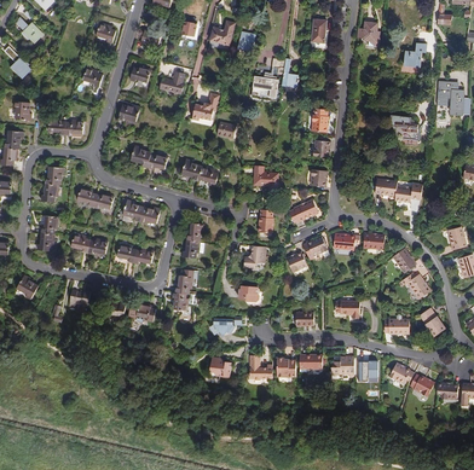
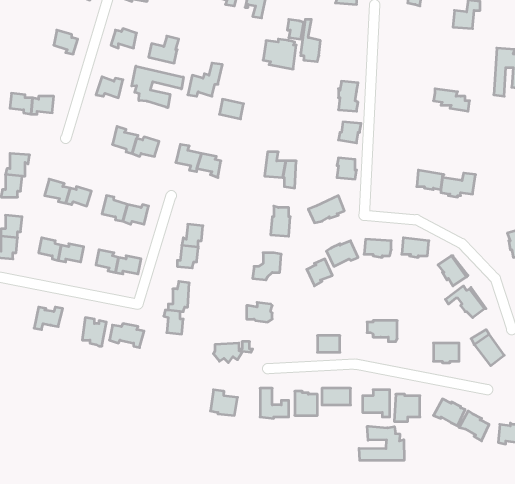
building: none -> [132,66,183,108]
building: none -> [359,426,404,460]

